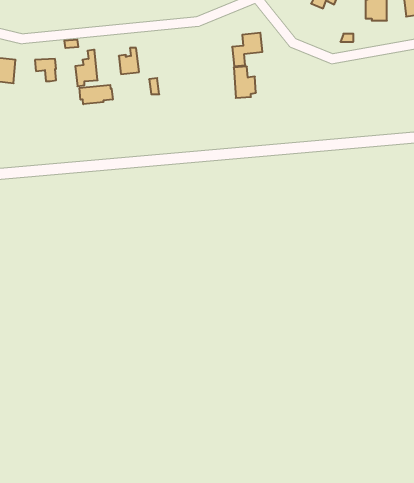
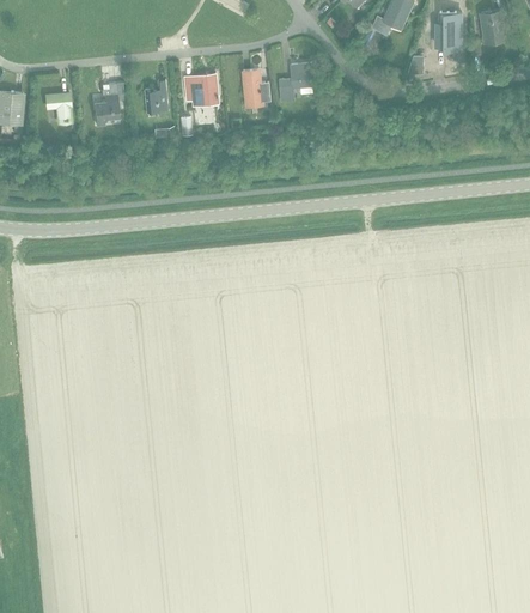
building: none -> [187,74,218,107]
building: [234,67,256,98] -> [244,69,270,107]
building: [79,85,113,104] -> none

